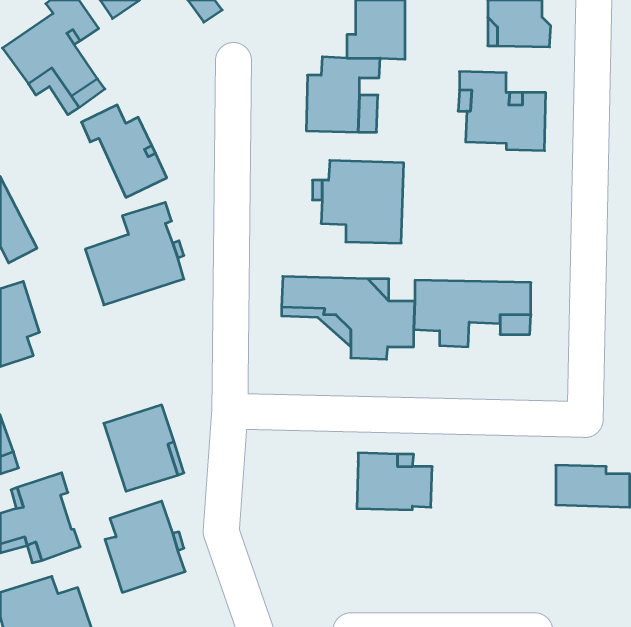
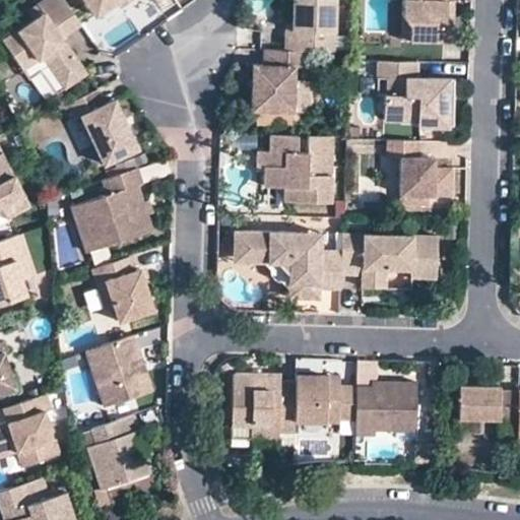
building: none -> [387,140,452,206]
building: none -> [91,256,154,323]
building: none -> [231,373,295,448]
building: none -> [354,382,417,436]

